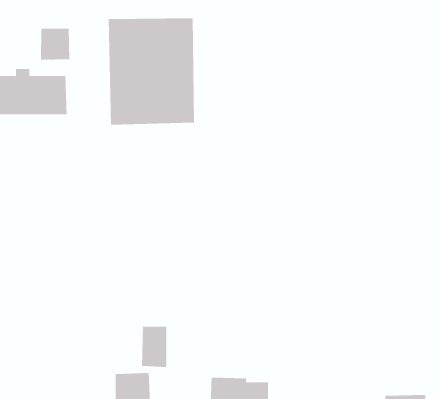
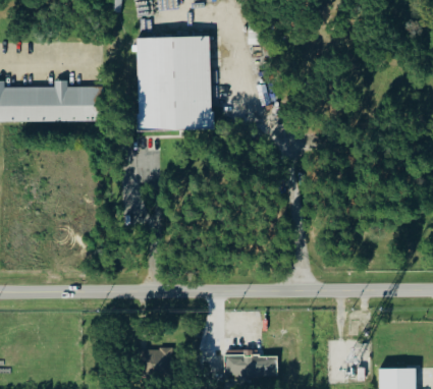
building: [41,28,70,60] -> none
building: [142,326,167,368] -> none

